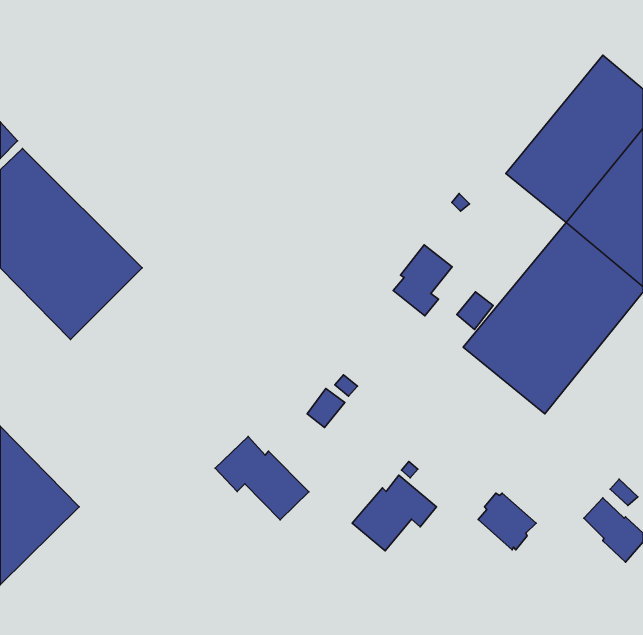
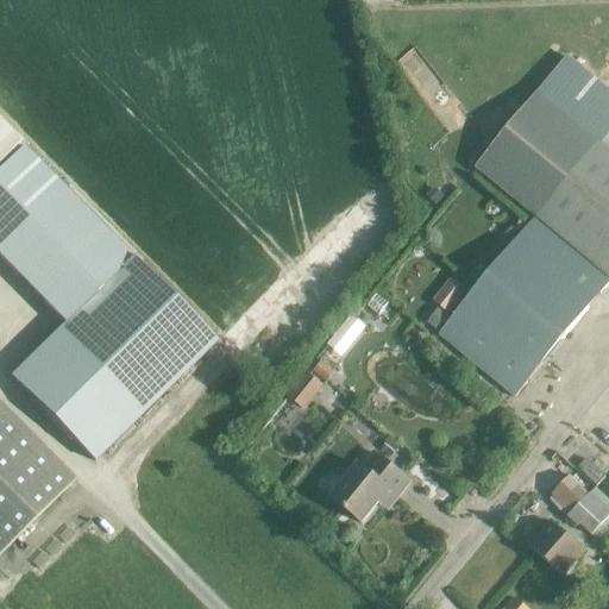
building: [393,245,452,316] -> none
building: none -> [13,255,218,458]
building: [215,436,309,520] -> none
building: [478,493,536,550] -> [529,517,584,571]

